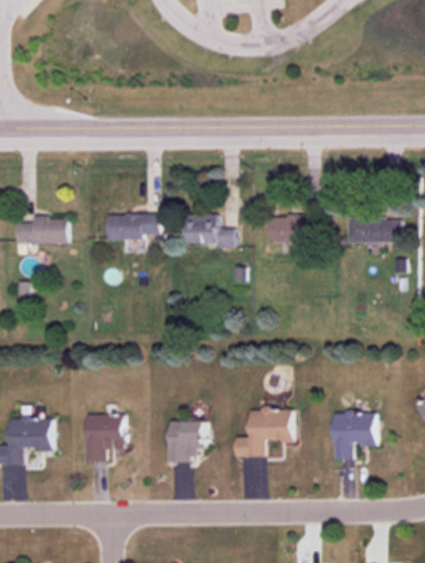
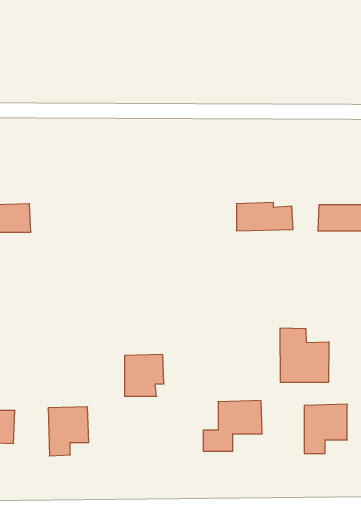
building: [105,213,159,241] -> none
building: [186,214,233,248] -> none
building: none -> [280,328,329,382]
building: [168,420,206,461] -> [125,354,164,396]

